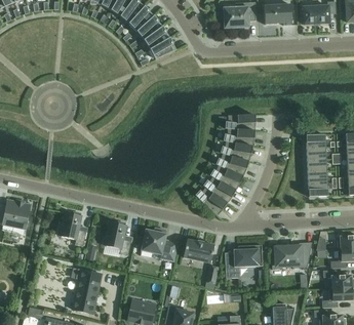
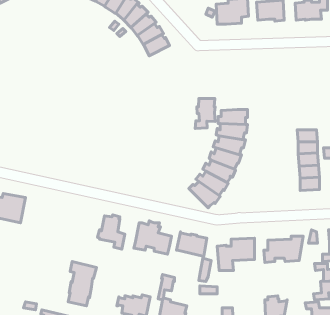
building: none -> [195,98,215,128]
building: [58,211,86,245] -> none

